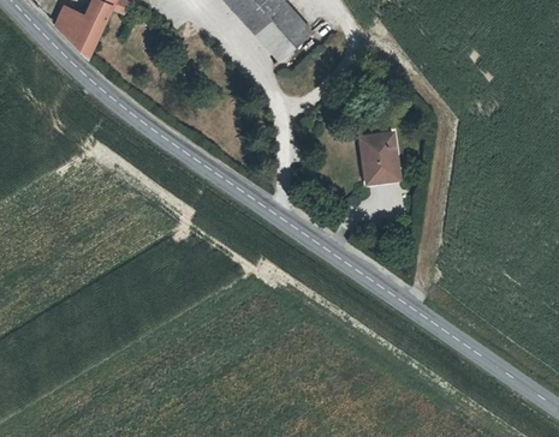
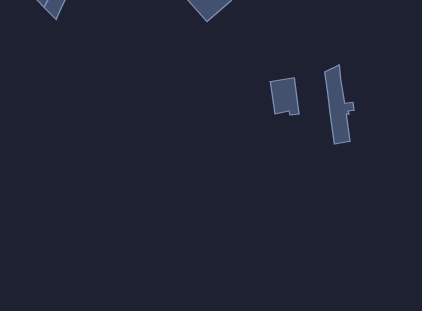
building: none -> [325,65,354,144]

